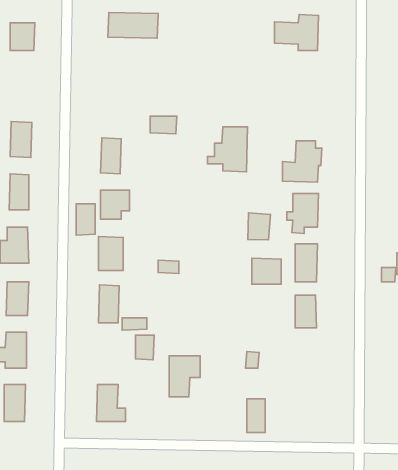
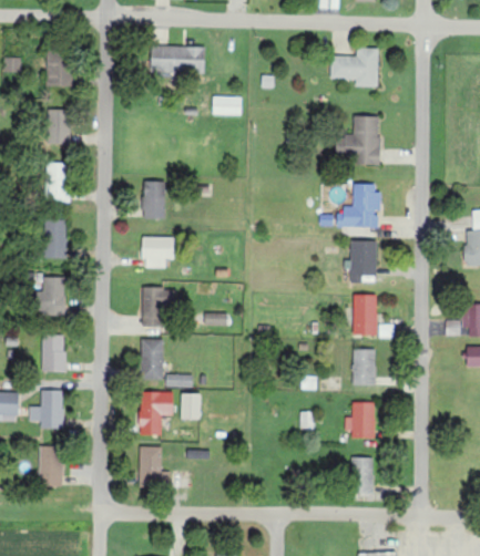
building: none -> [47,110,70,144]
building: [150,116,177,134] -> [213,96,242,115]
building: [207,127,248,172] -> [337,116,380,165]
building: [76,204,95,235] -> none
building: [248,213,270,240] -> none
building: [252,258,281,284] -> none
building: none -> [345,402,375,439]
building: [169,356,200,397] -> [140,392,173,436]
building: [247,399,265,433] -> [353,457,372,494]

